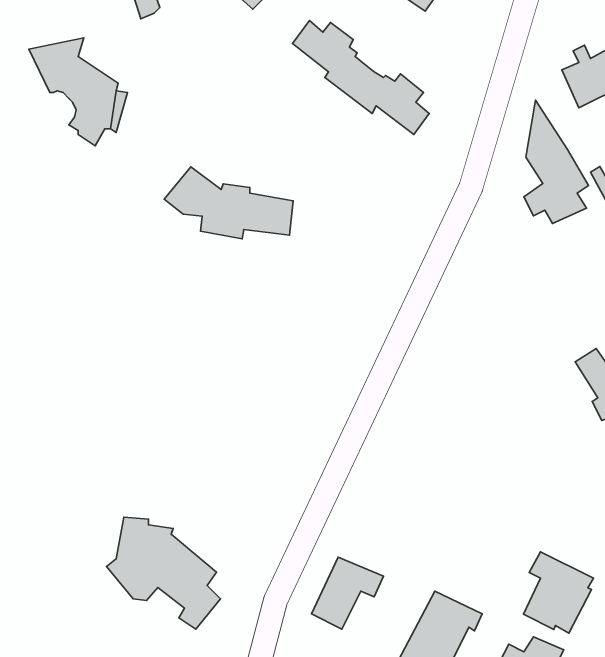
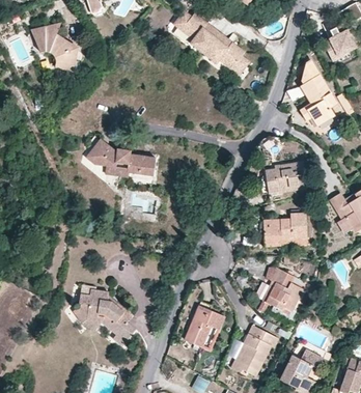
building: [164,167,293,239] -> [85,138,156,177]
building: none -> [266,161,306,192]
building: none -> [263,213,306,246]
building: [523,552,594,633] -> [266,266,304,311]

